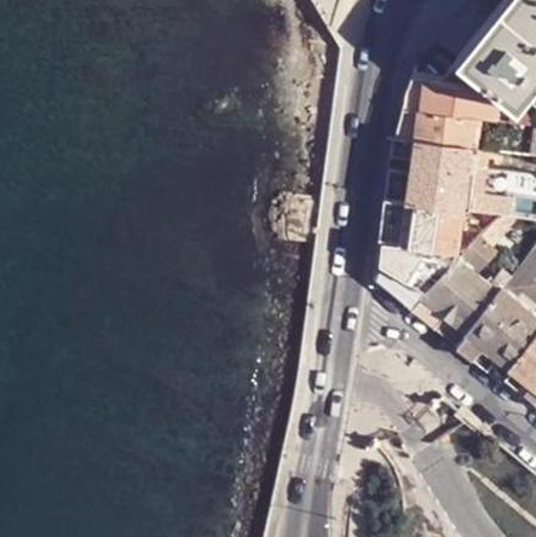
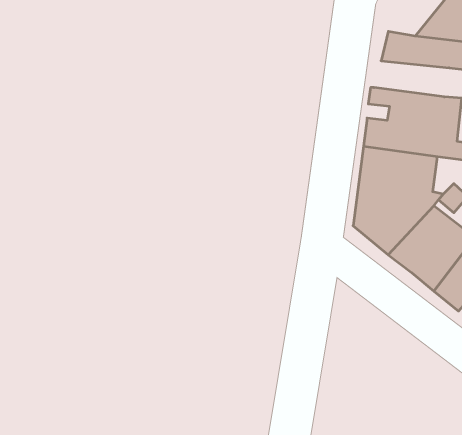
building: [398,110,476,148] -> none

